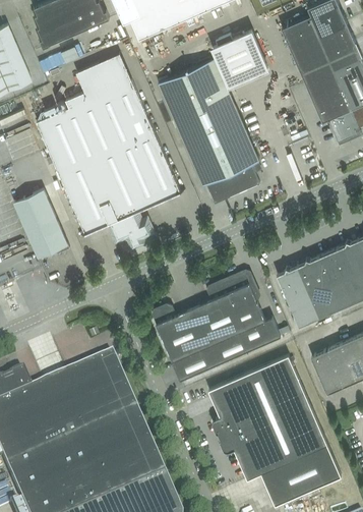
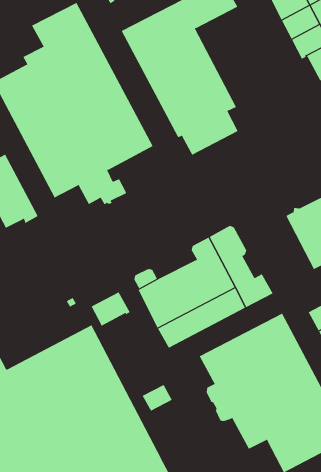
building: [278,266,320,327] -> none
building: none -> [91,291,130,326]
building: none -> [142,384,172,412]

